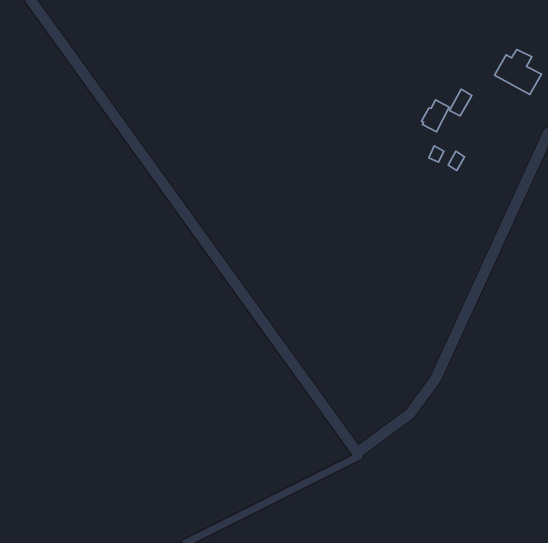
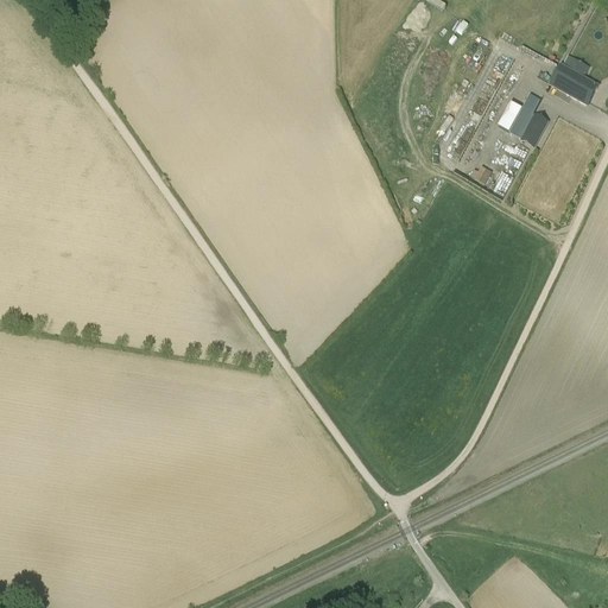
building: [421,100,449,132] -> [518,110,549,146]

